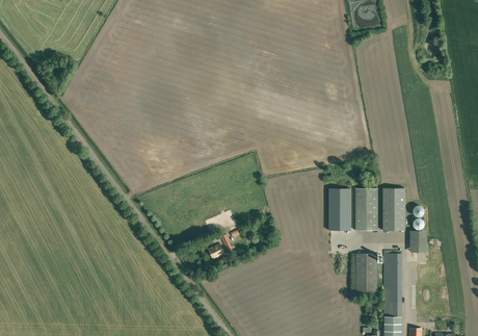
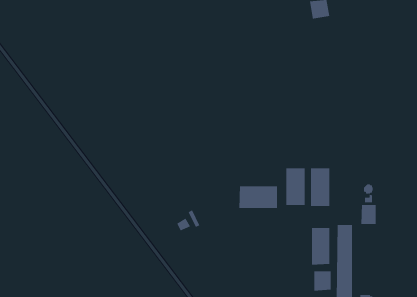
building: [382,188,404,230] -> none
building: none -> [239,186,277,209]
building: none -> [314,270,331,291]

